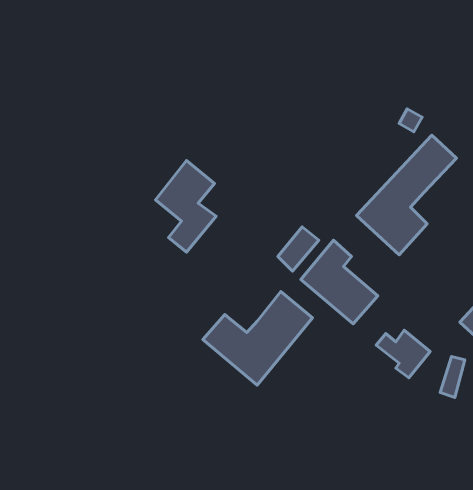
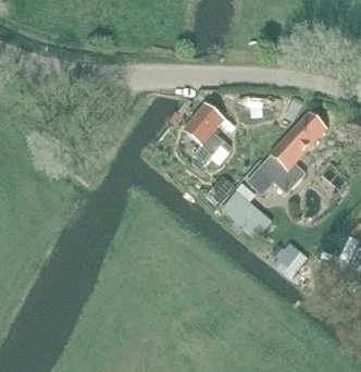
building: [155,160,216,252] -> [185,103,225,164]
building: [203,292,312,385] -> none

